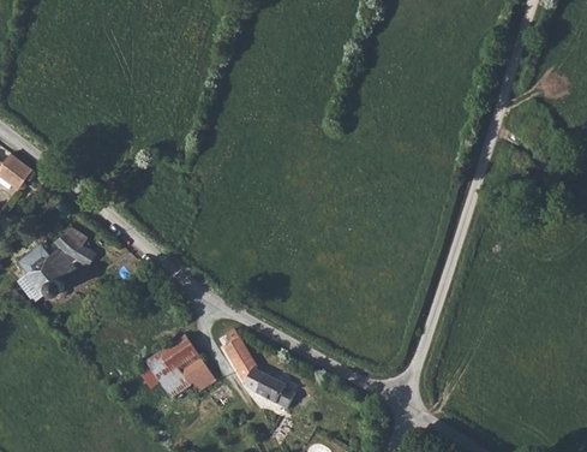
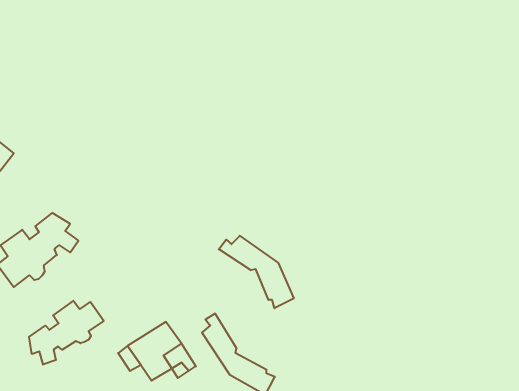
building: none -> [219,236,294,308]
building: none -> [29,301,104,365]

